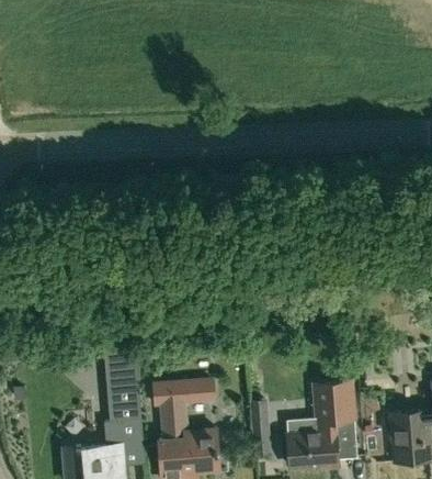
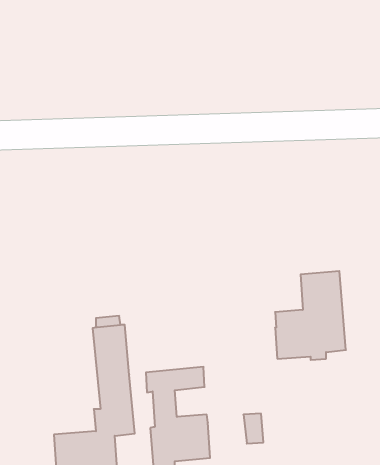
building: [287,380,357,468] -> [275,271,346,360]

